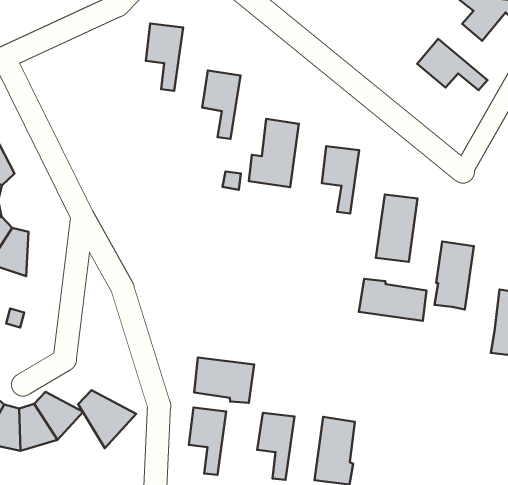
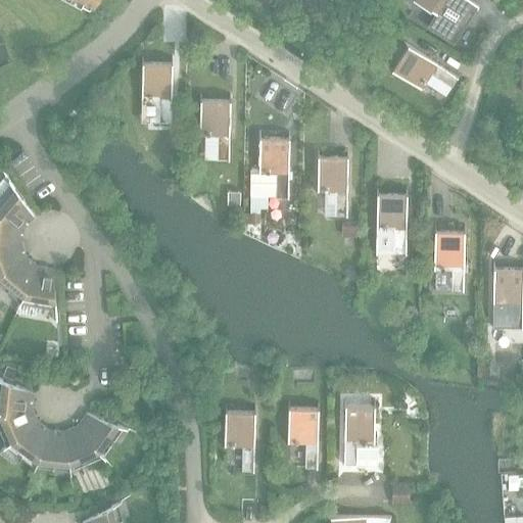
building: [359,279,427,321] -> none
building: [194,358,254,403] -> none
building: [78,390,136,448] -> none

